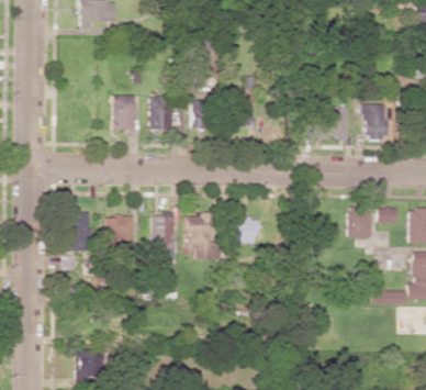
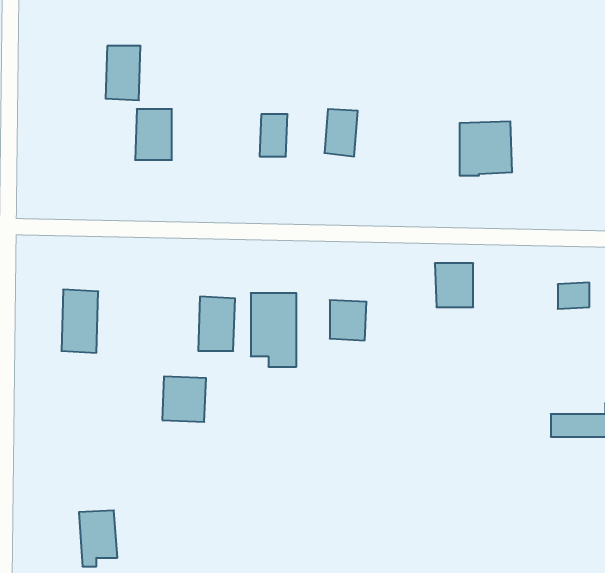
building: [149,96,171,130] -> [106,46,141,100]
building: [363,103,384,141] -> none
building: [348,210,372,237] -> [435,263,473,307]
building: [106,215,134,244] -> [162,376,206,422]

